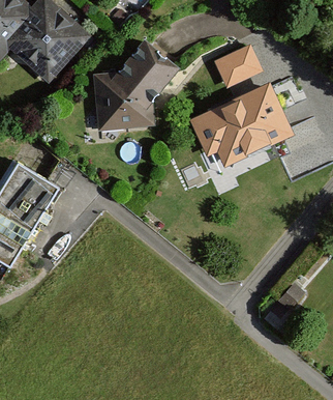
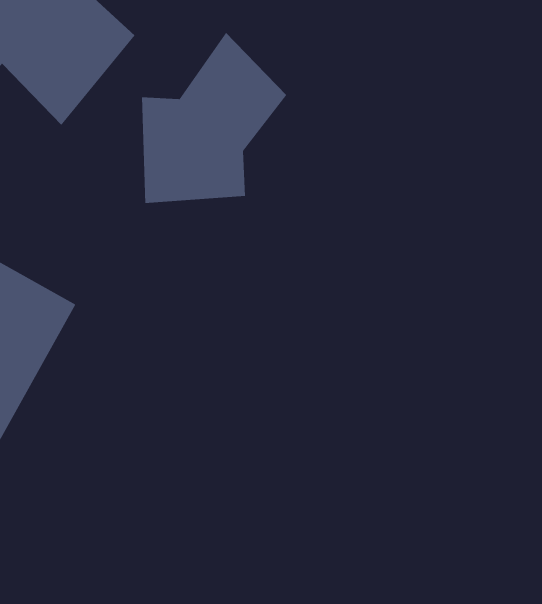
building: [217,44,262,88] -> none
building: [189,78,295,171] -> none

